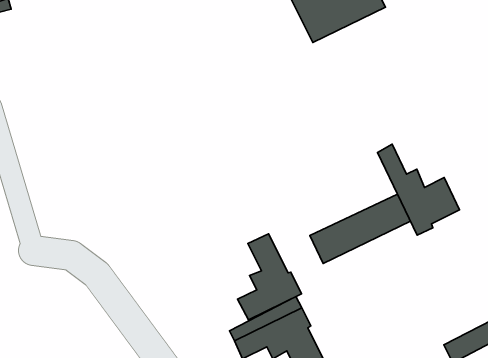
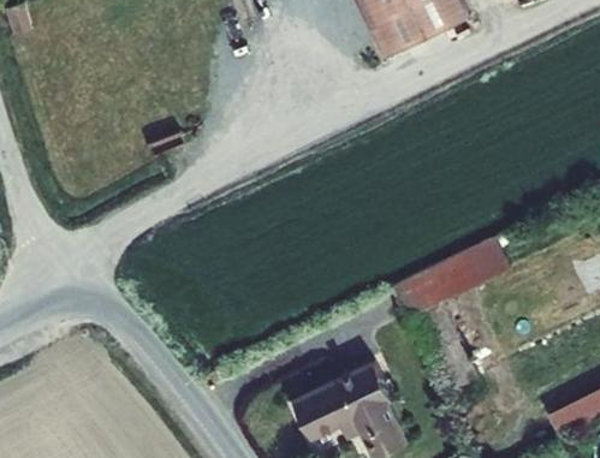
building: [377,144,460,235] -> none
building: [238,234,302,320] -> none

